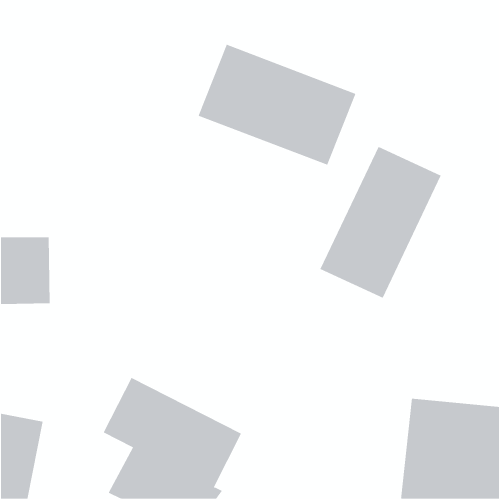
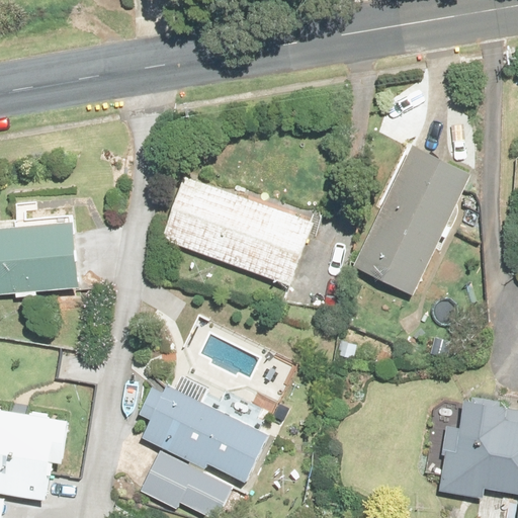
building: [198,44,356,166] -> none
building: none -> [147,181,305,299]

